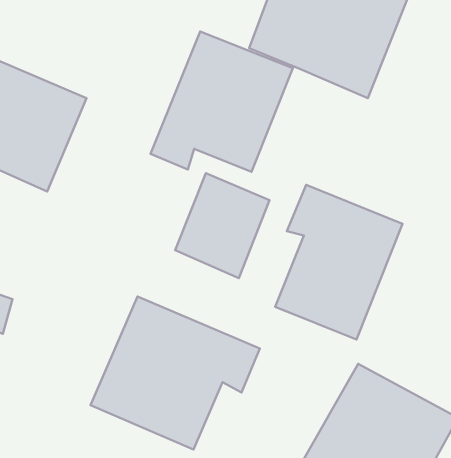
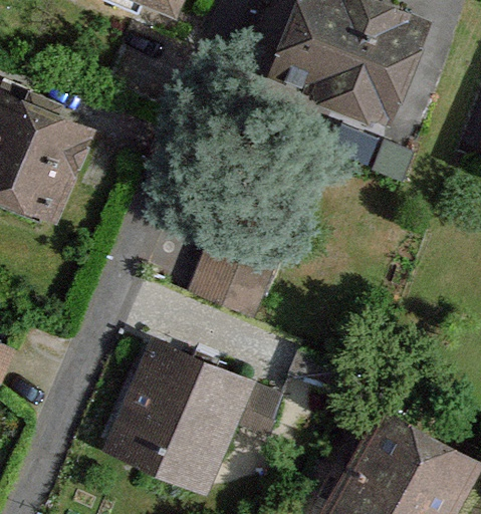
building: [151,32,293,172] -> none
building: [275,185,403,340] -> none

